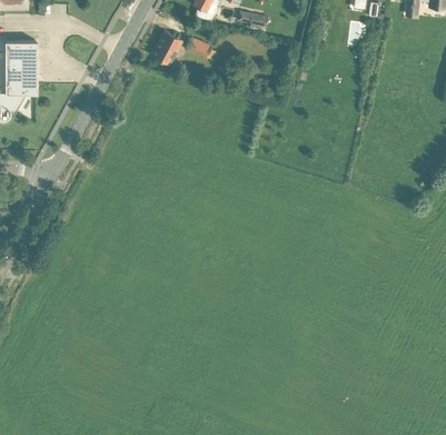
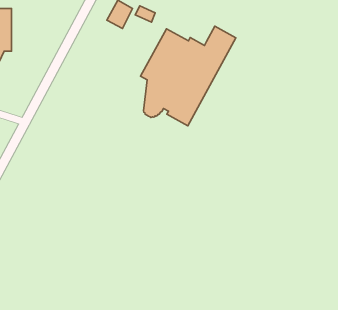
building: none -> [141,26,236,126]

